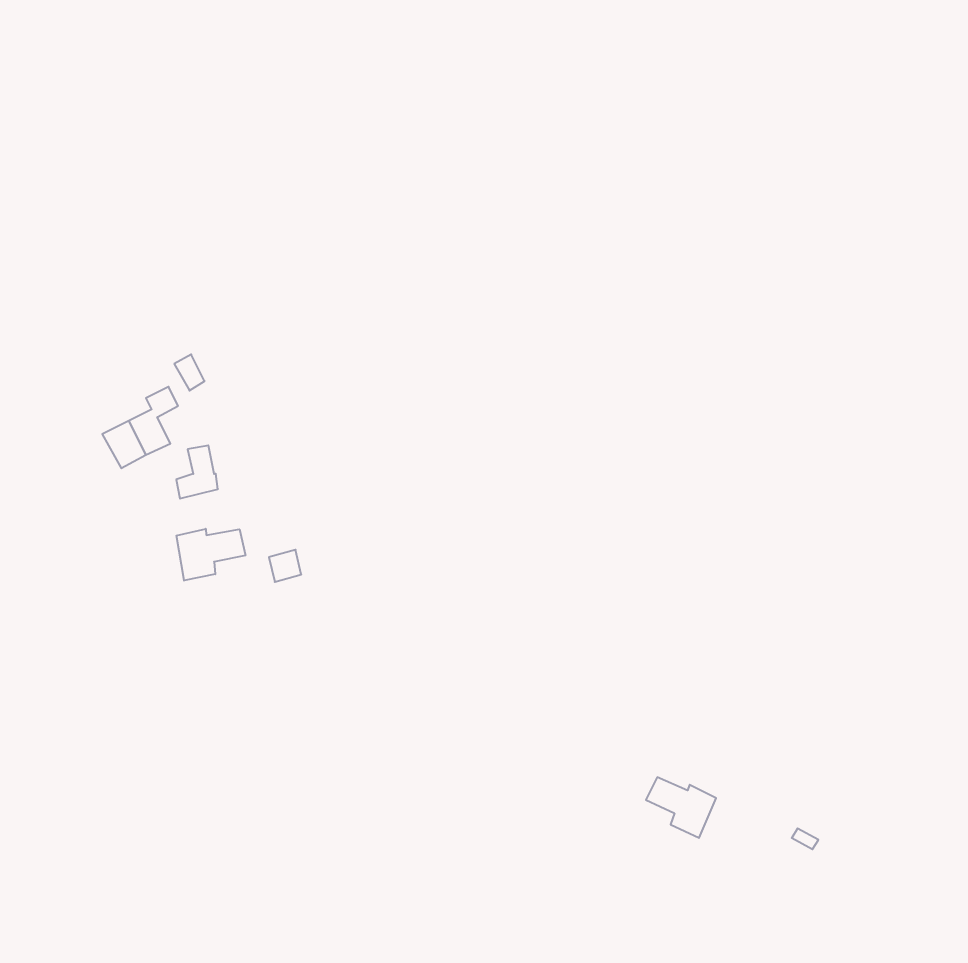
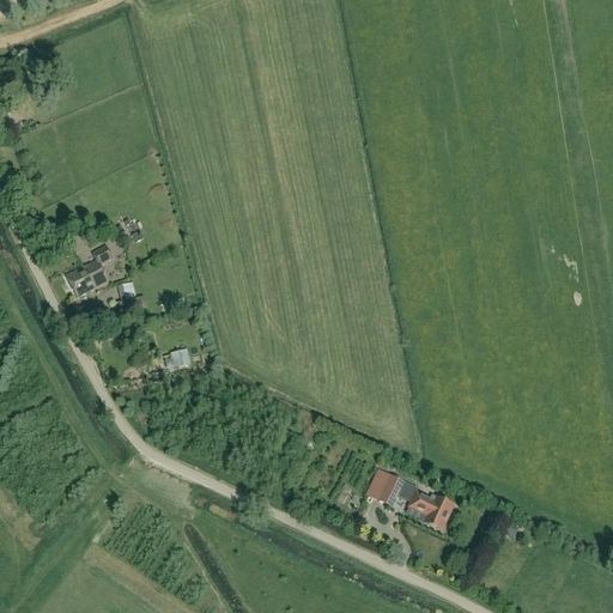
building: [176,529,245,581] -> none
building: none -> [366,469,402,504]

